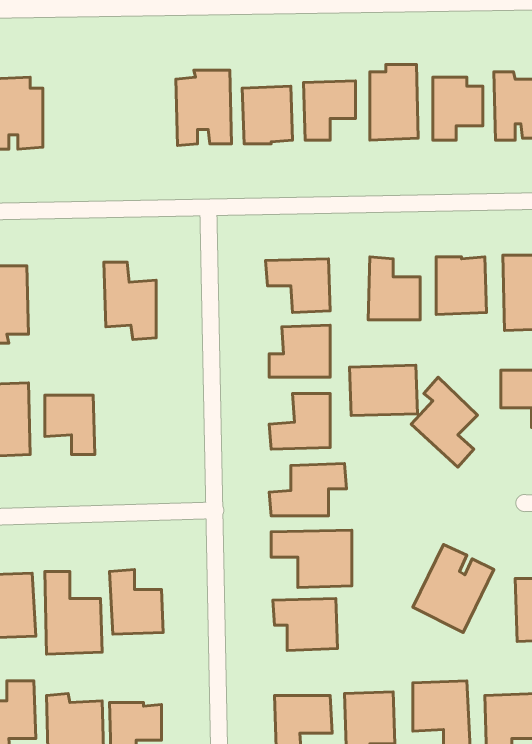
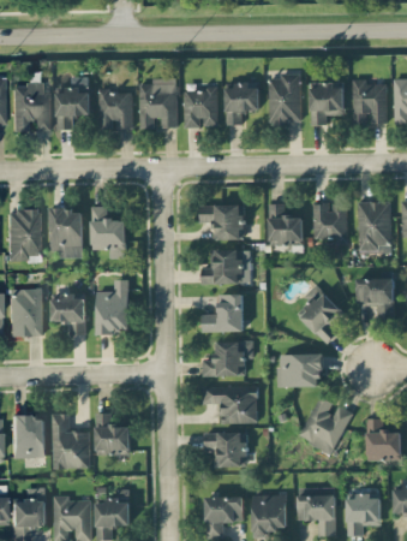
building: none -> [56,77,90,130]
building: none -> [98,91,133,129]
building: none -> [50,209,84,256]
building: [349,365,418,416] -> [277,353,323,387]
building: none -> [96,280,130,333]

